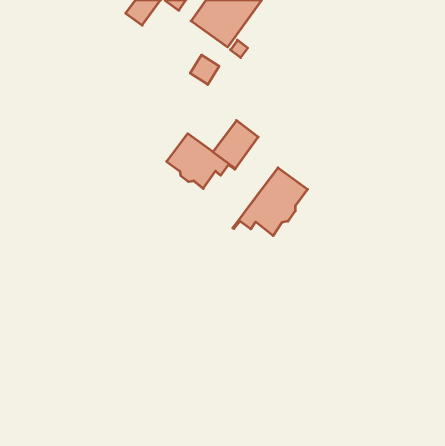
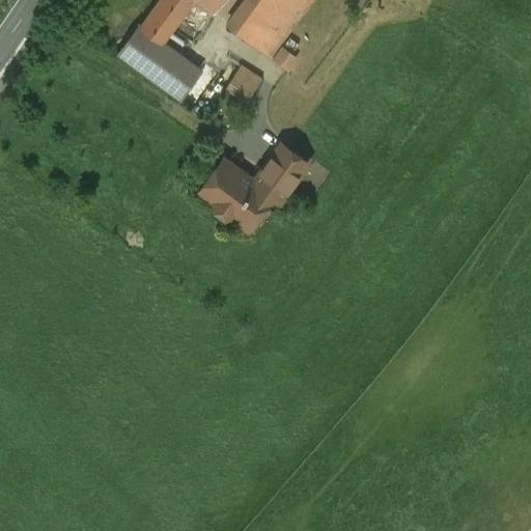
building: none -> [120,26,201,99]
building: [233,168,308,236] -> none

